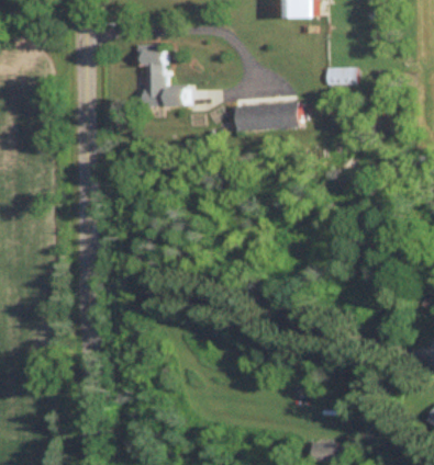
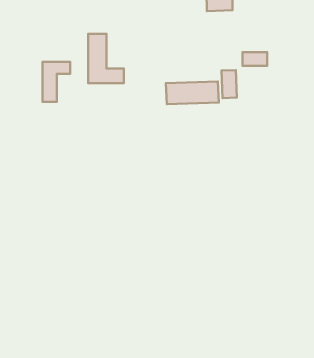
building: none -> [43,62,70,102]
building: none -> [221,70,237,98]

